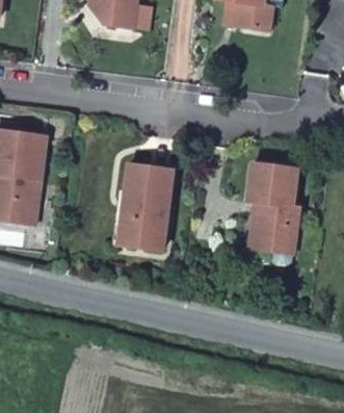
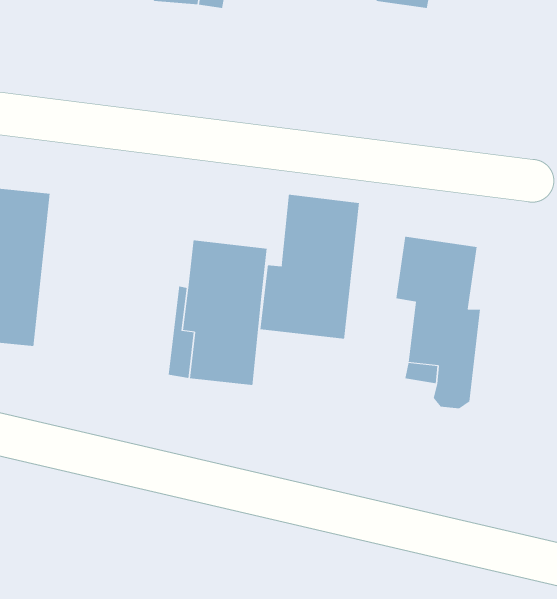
building: none -> [260,194,359,339]

